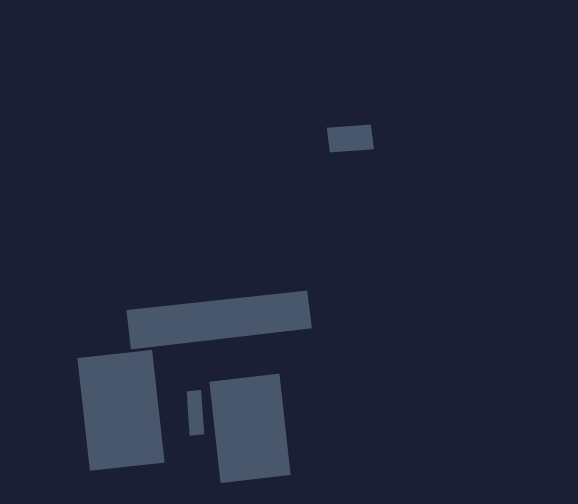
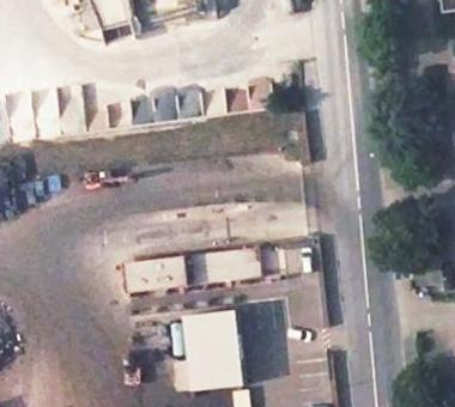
building: [77,349,165,471] -> none

